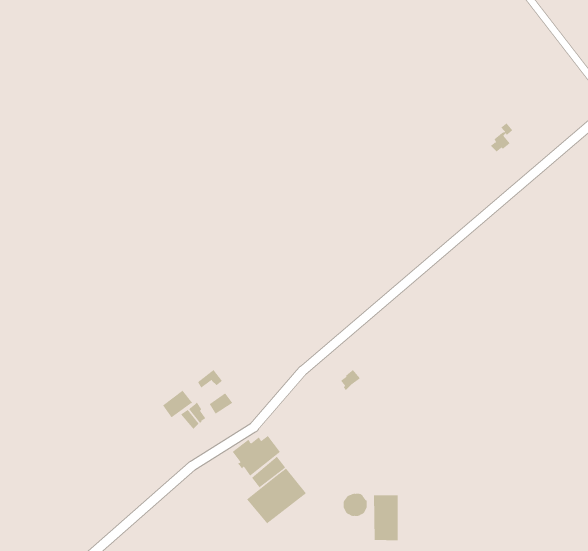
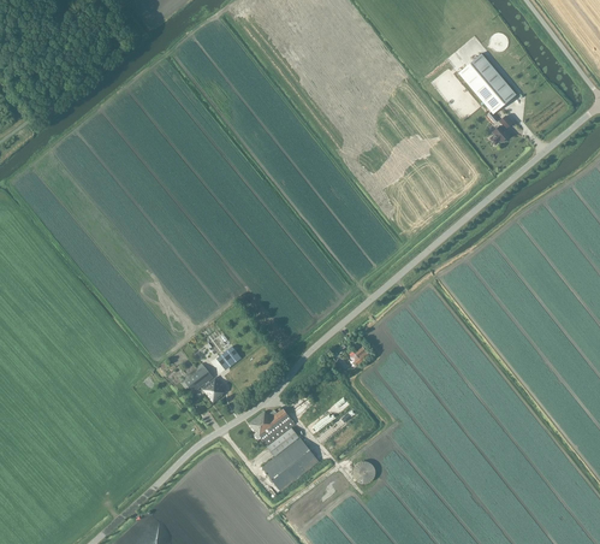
building: none -> [458,53,516,113]
building: [373,495,398,541] -> none

